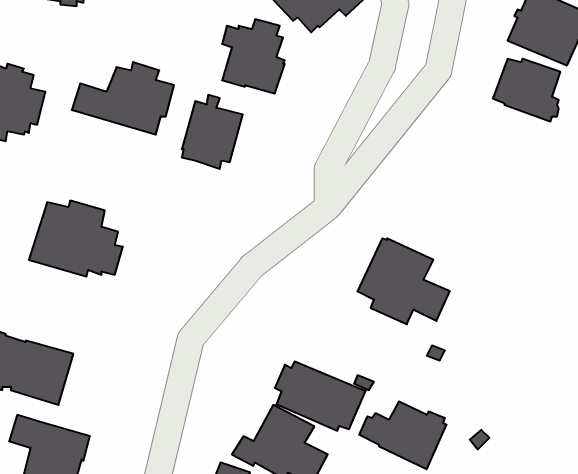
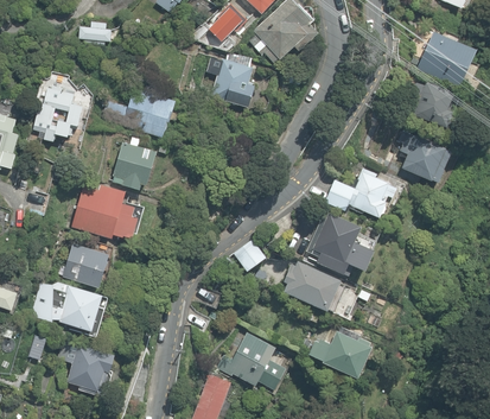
building: [182,95,243,169] -> [113,137,157,190]
building: none -> [397,129,451,184]
building: none -> [326,167,397,217]
building: none -> [234,239,266,271]
building: none -> [63,242,110,287]
building: [275,361,366,431] -> [282,260,348,310]

